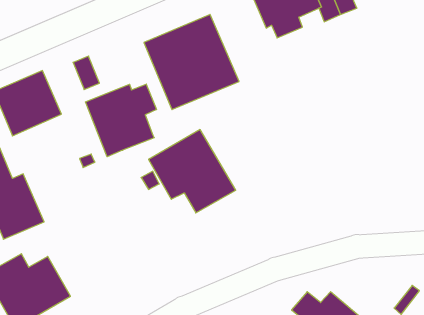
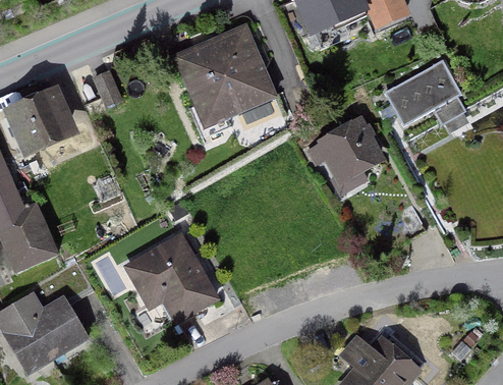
building: none -> [383,58,468,132]
building: [85,84,156,157] -> none
building: none -> [306,115,386,196]
building: [149,130,236,213] -> [122,231,220,325]

